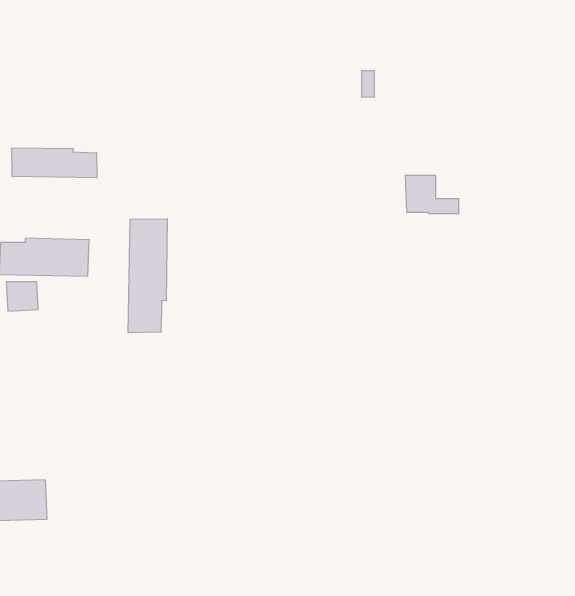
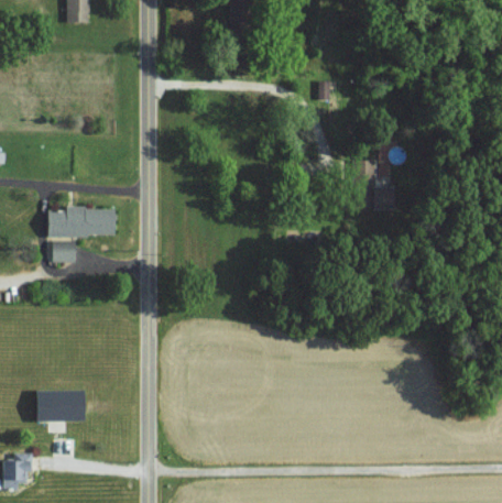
building: [12,148,97,178] -> none
building: [128,219,167,333] -> none

